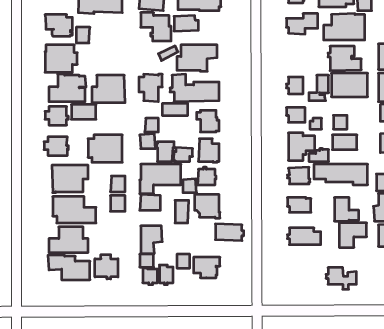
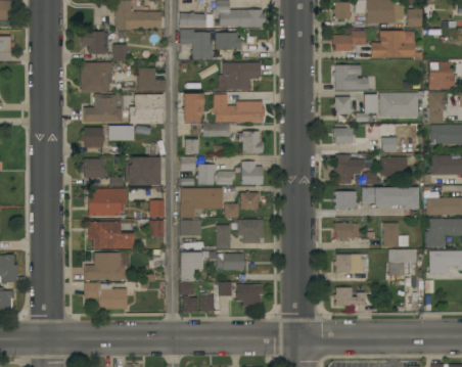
building: [328,46,361,71] -> [333,65,368,91]
building: none -> [138,68,166,92]
building: [215,224,244,241] -> [217,254,246,271]
building: [95,255,118,279] -> none
building: [326,268,356,289] -> [334,288,366,311]

